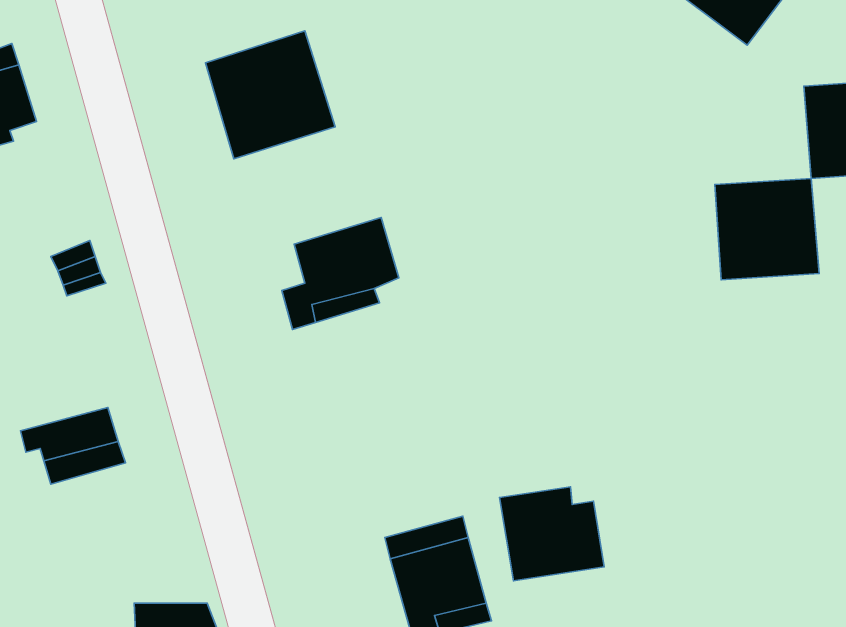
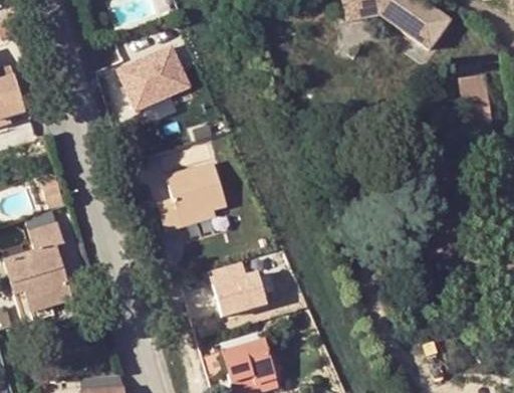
building: [715,178,819,280] -> none
building: none -> [7,203,64,276]
building: [499,487,604,581] -> [209,266,268,320]

